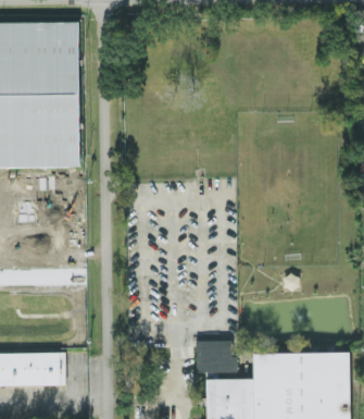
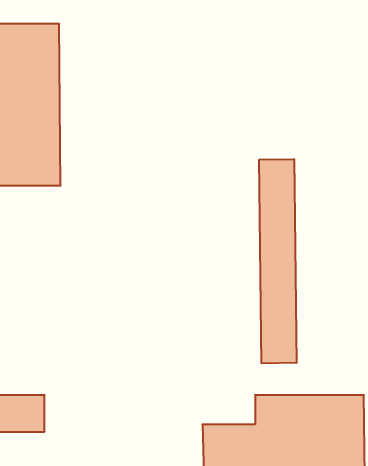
building: none -> [259,159,296,363]
building: [196,341,238,373] -> none

